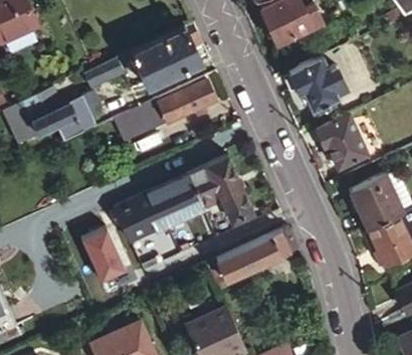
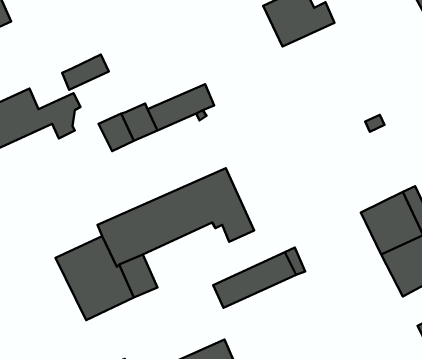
building: [133,24,202,84] -> none
building: [288,57,347,110] -> none
building: [315,115,367,170] -> none

